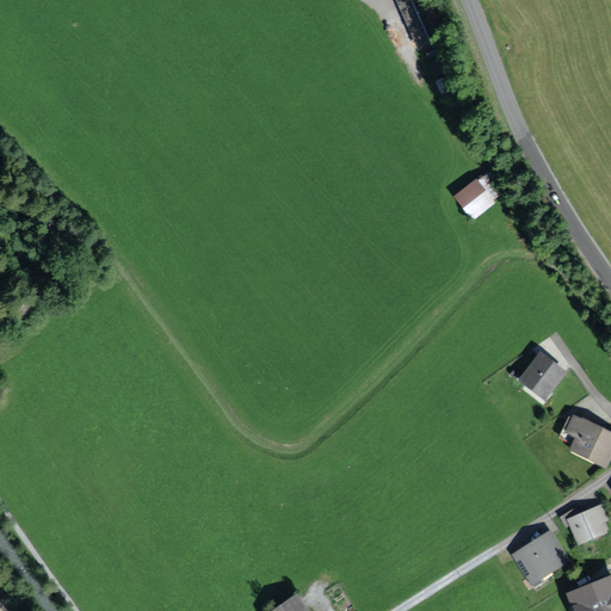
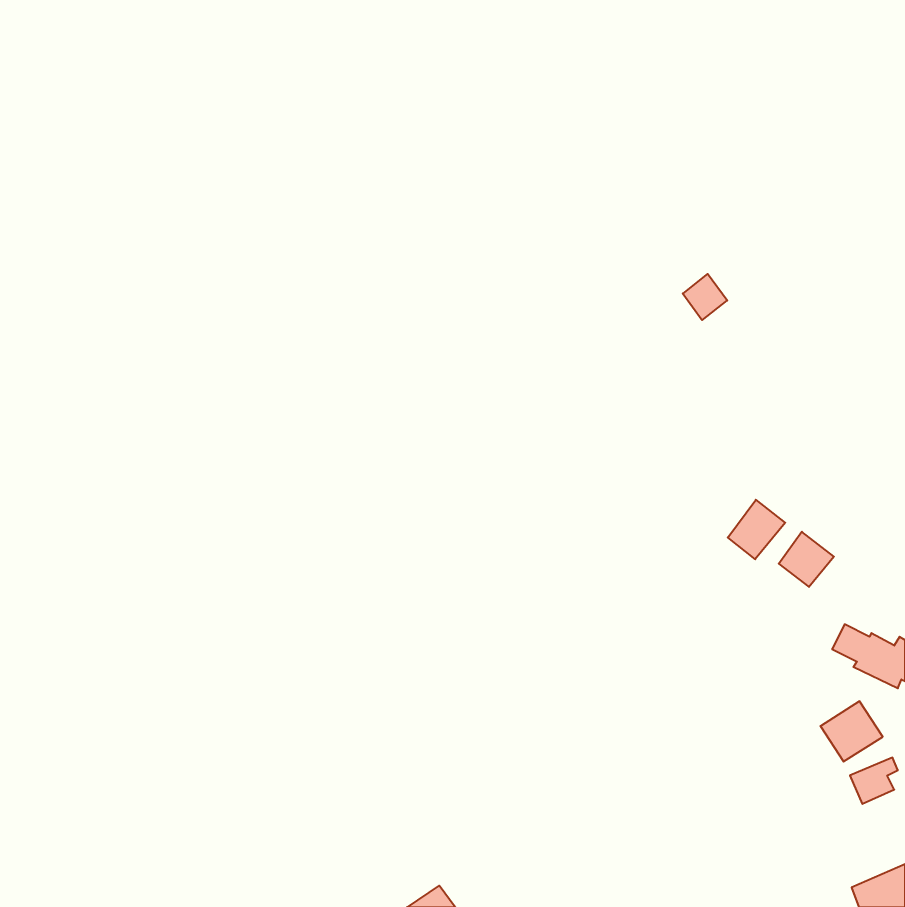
building: none -> [728,500,785,559]
building: [520,535,562,575] -> [820,701,883,762]

